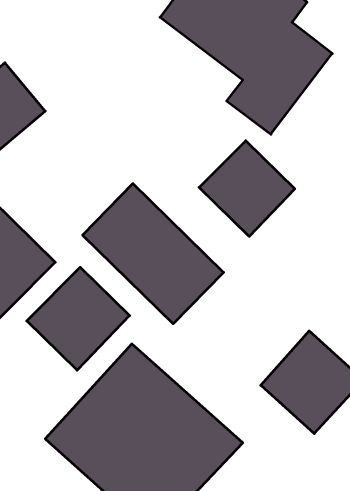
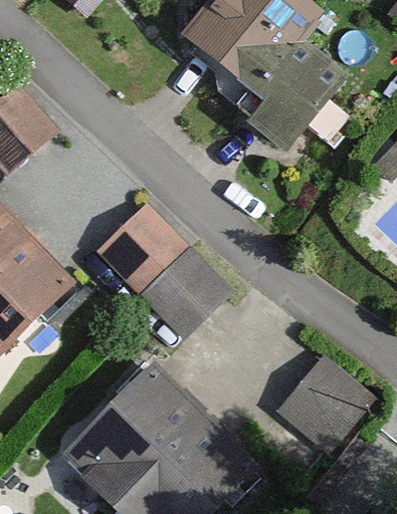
building: [199,141,295,236] -> none
building: [27,267,130,370] -> none

